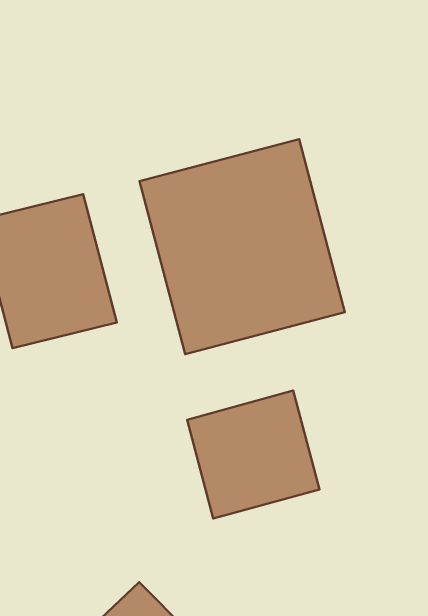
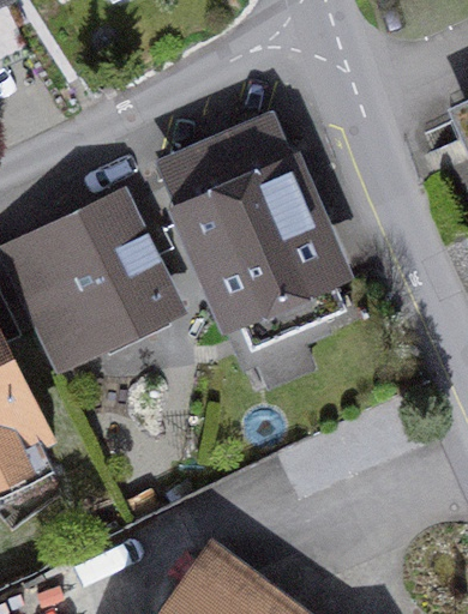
building: [187,391,319,519] -> none

